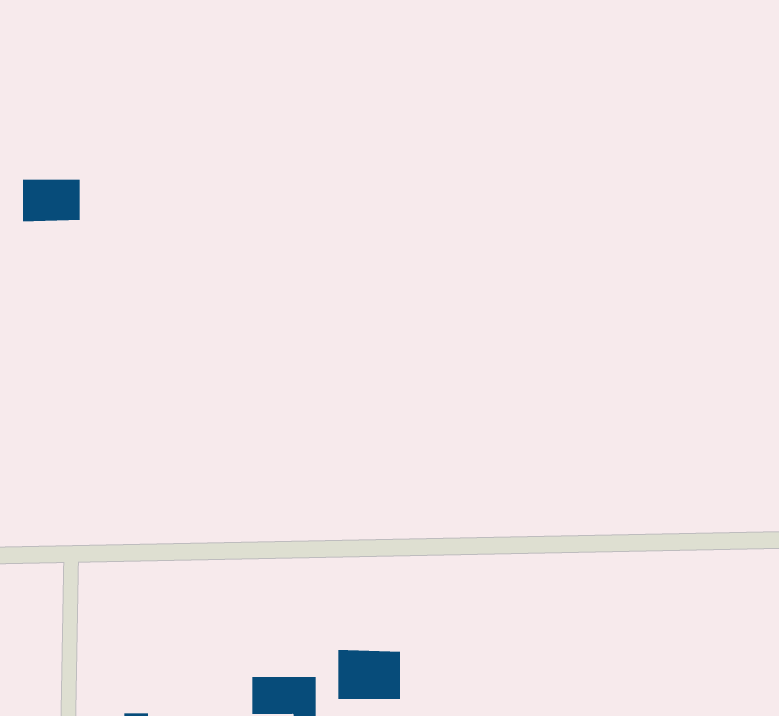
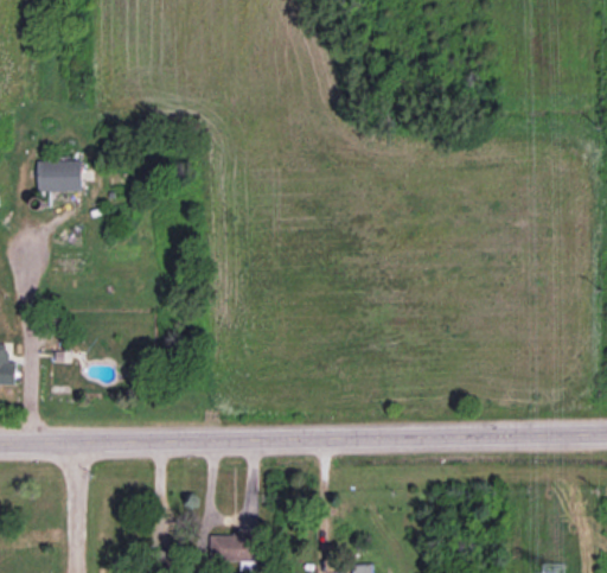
building: [338,649,400,700] -> none

